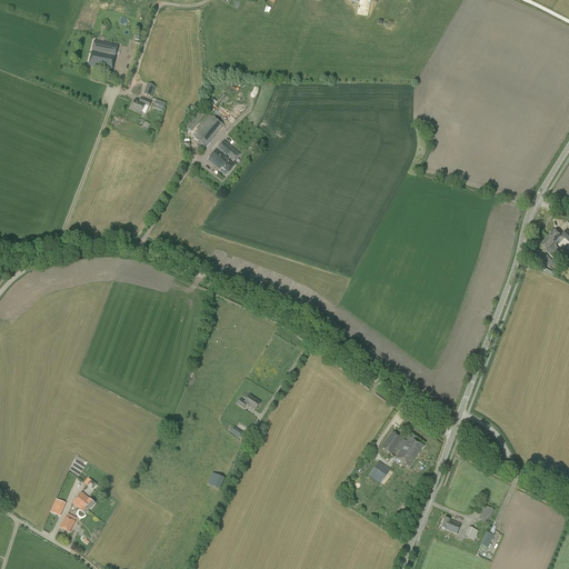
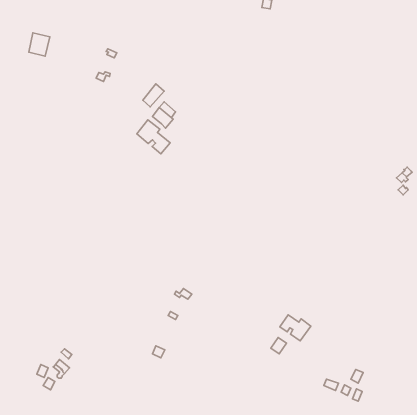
building: [89,38,118,70] -> [29,33,50,56]
building: none -> [137,120,170,154]

